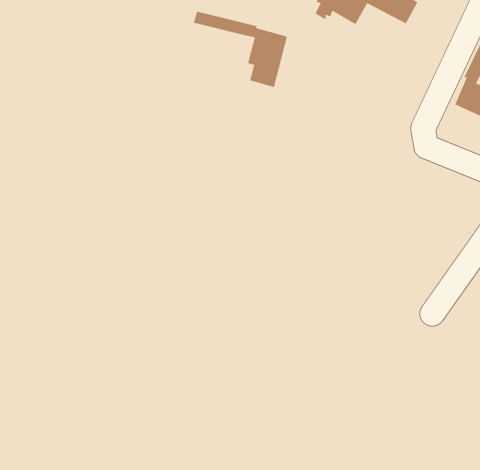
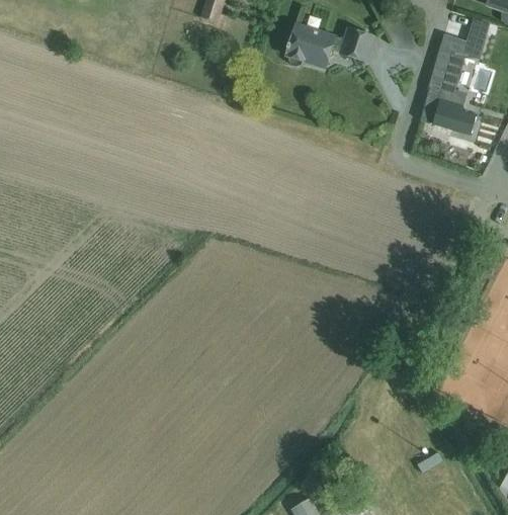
building: [193,11,288,88] -> none

